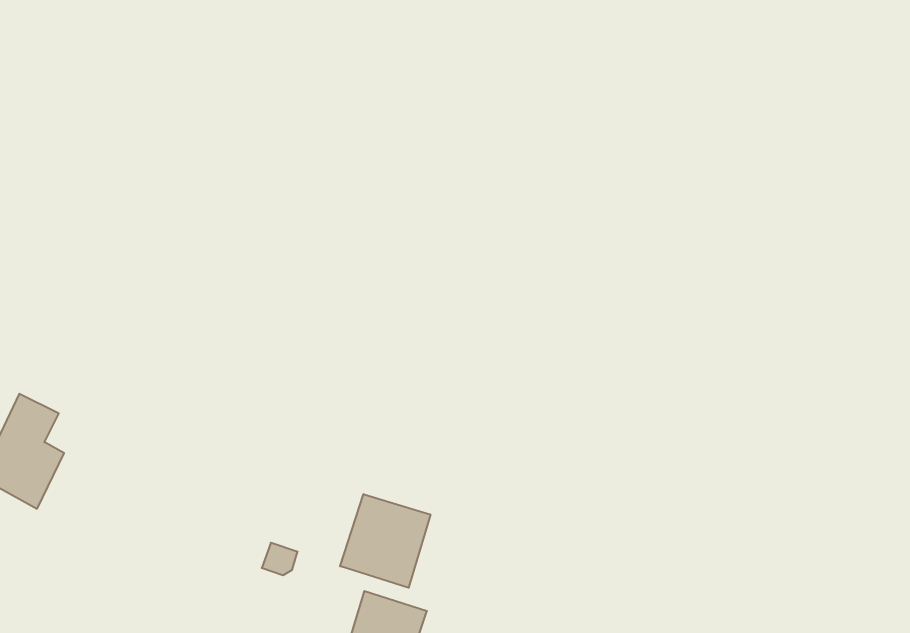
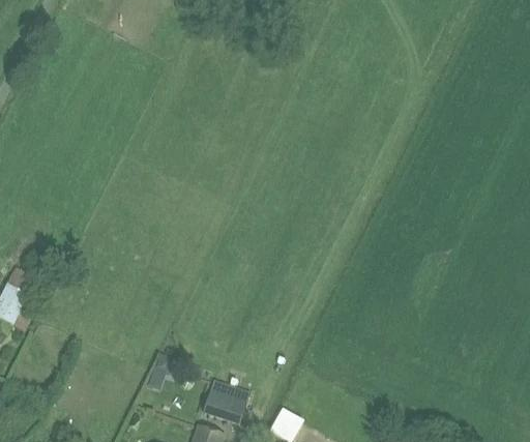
building: [340,494,430,588] -> none

